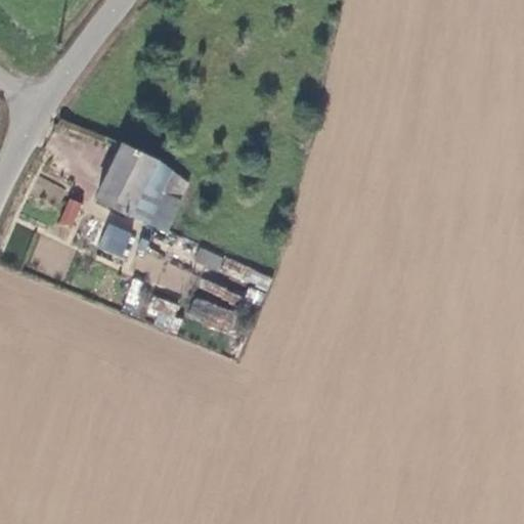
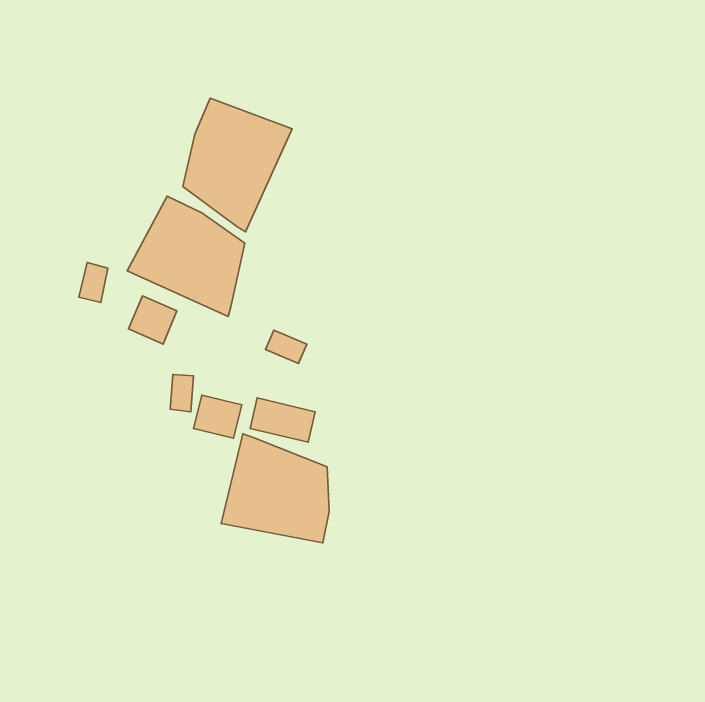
building: none -> [183,98,292,232]
building: none -> [221,434,329,543]

